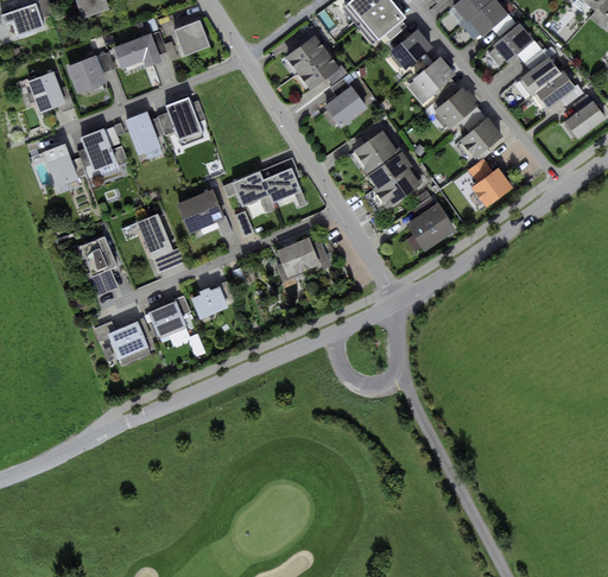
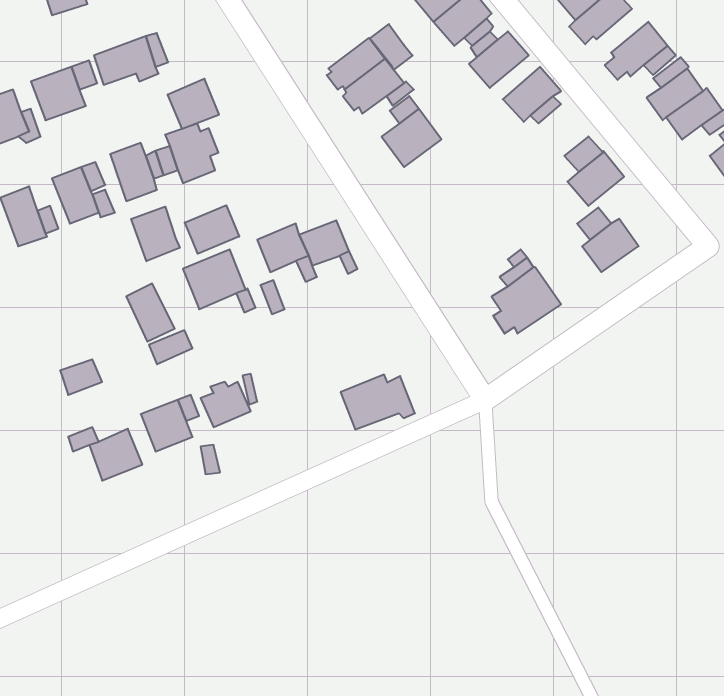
building: [172,19,210,56] -> [167,79,219,129]
building: none -> [370,24,413,70]
building: [433,88,477,128] -> none
building: [354,131,423,209] -> none
building: none -> [185,205,239,254]
building: none -> [131,207,180,261]
building: [76,236,116,279] -> none
building: [276,237,330,278] -> [341,375,415,429]

